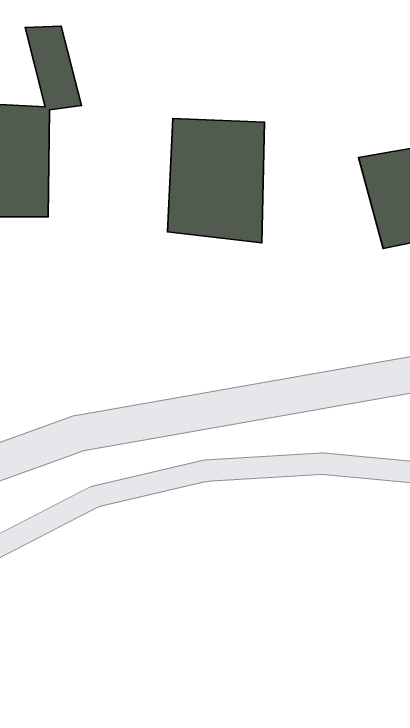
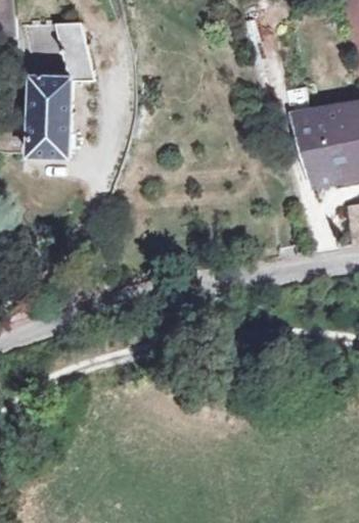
building: [168,119,265,243] -> none

